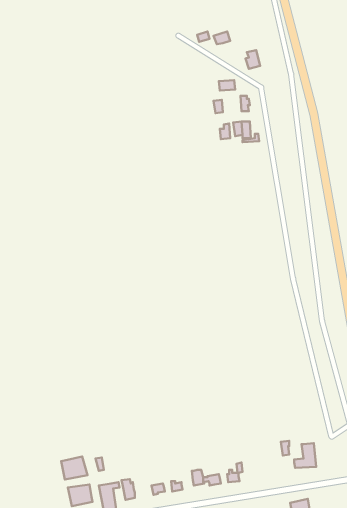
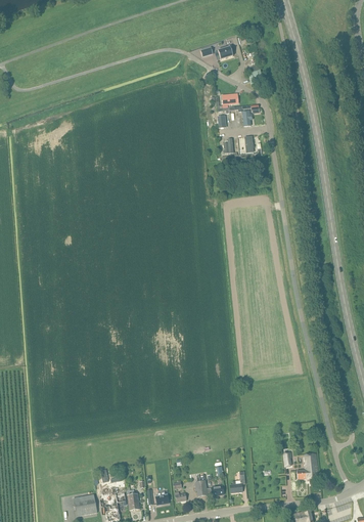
building: [61,457,87,479] -> none

